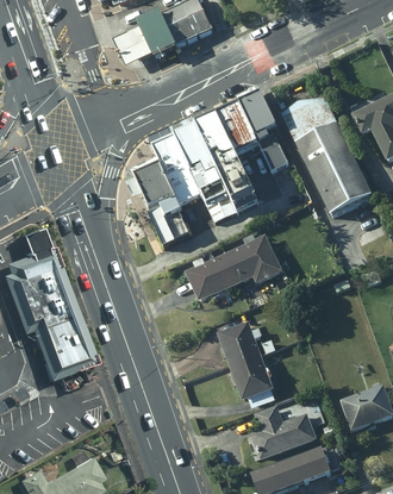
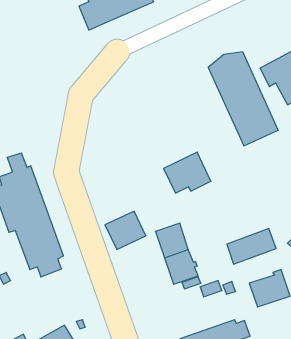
building: [138,99,292,248] -> none
building: [187,249,241,299] -> [105,211,146,249]
building: [249,412,313,458] -> [227,229,276,264]

